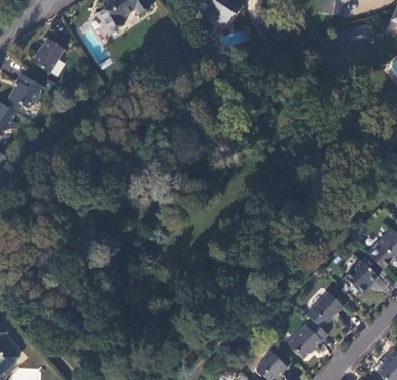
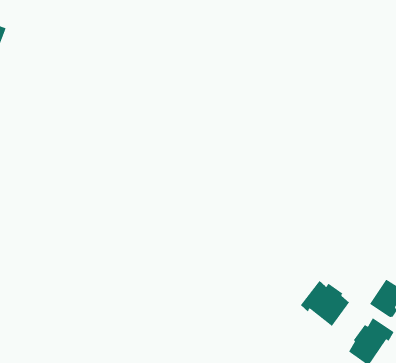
building: none -> [300,280,350,327]

